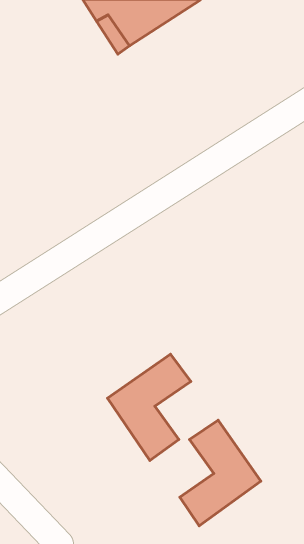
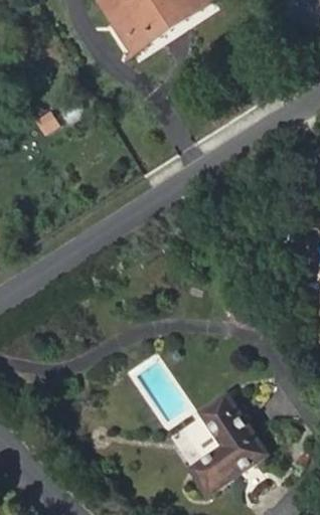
building: [107,354,191,461] -> none

